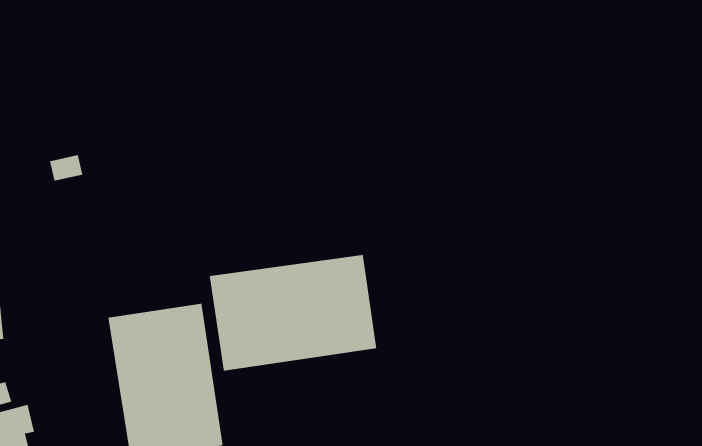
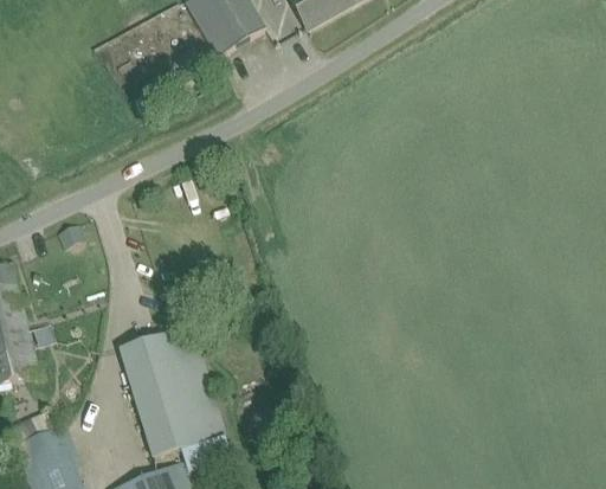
building: [209,254,377,372] -> none

